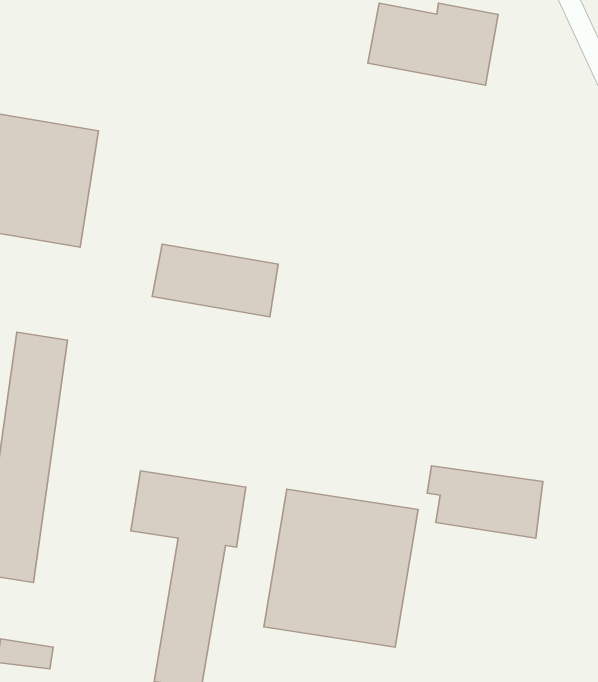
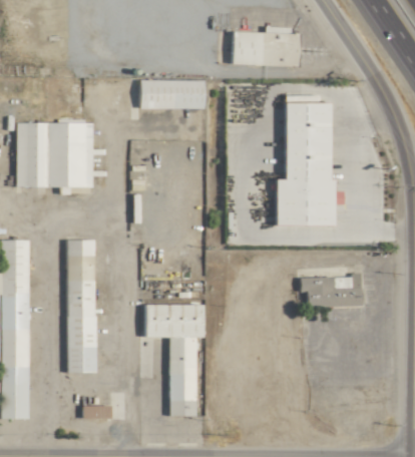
building: none -> [276,95,335,225]
building: [152,244,278,317] -> [140,79,205,109]
building: [264,489,418,647] -> none

